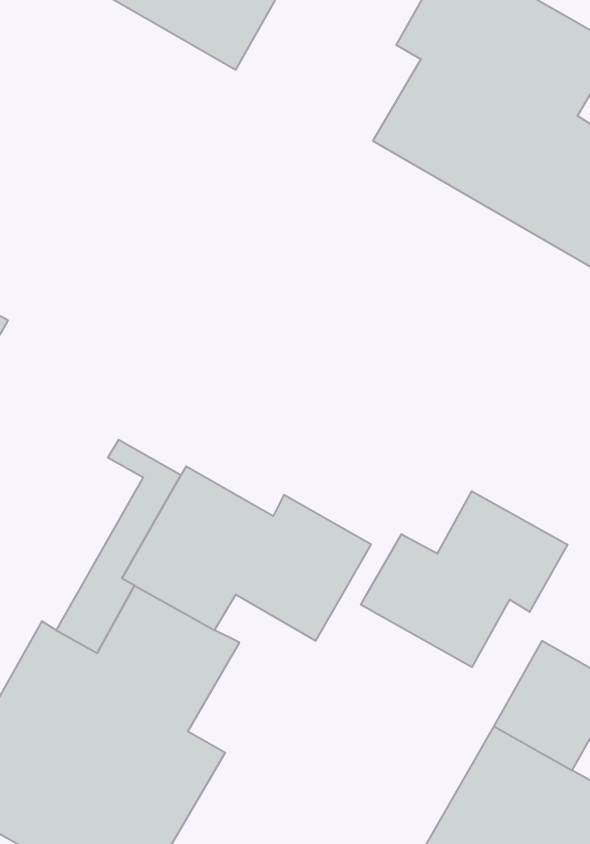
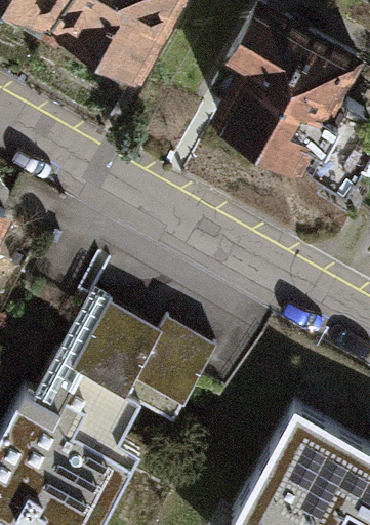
building: [361,491,567,667] -> none

